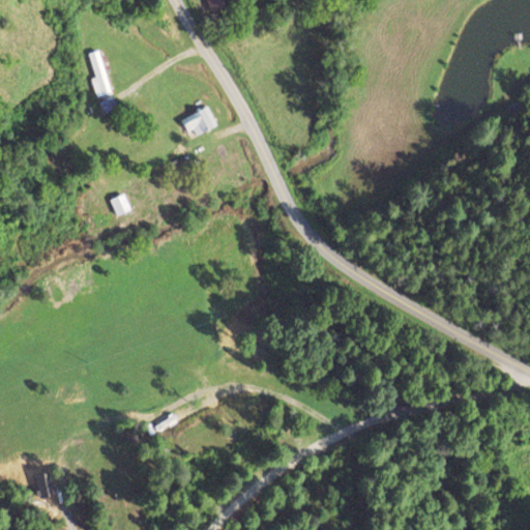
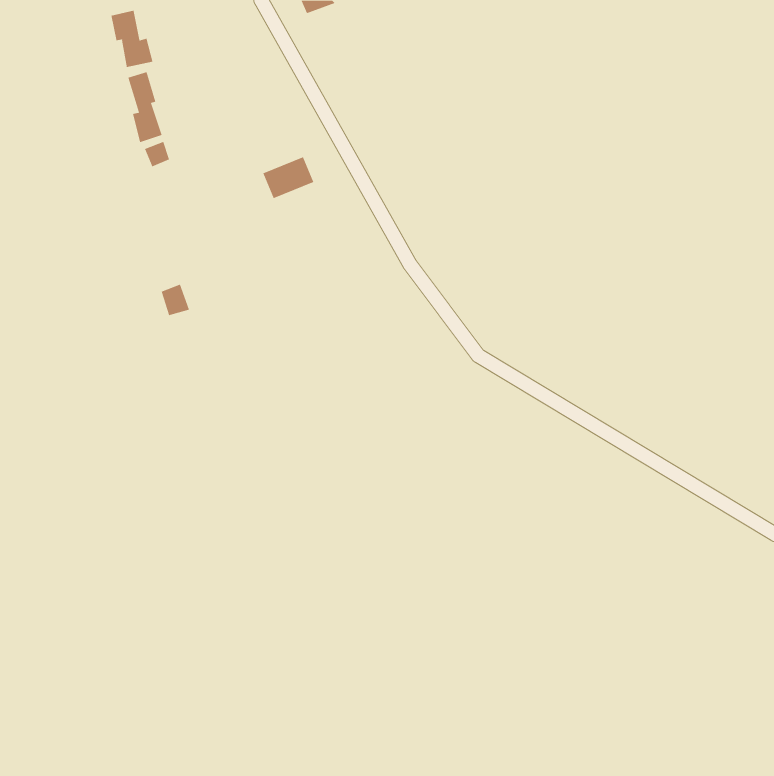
building: none -> [111,10,153,68]

